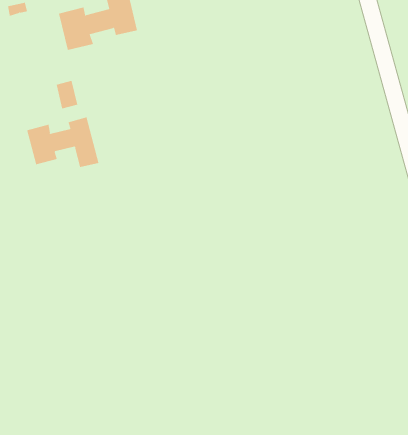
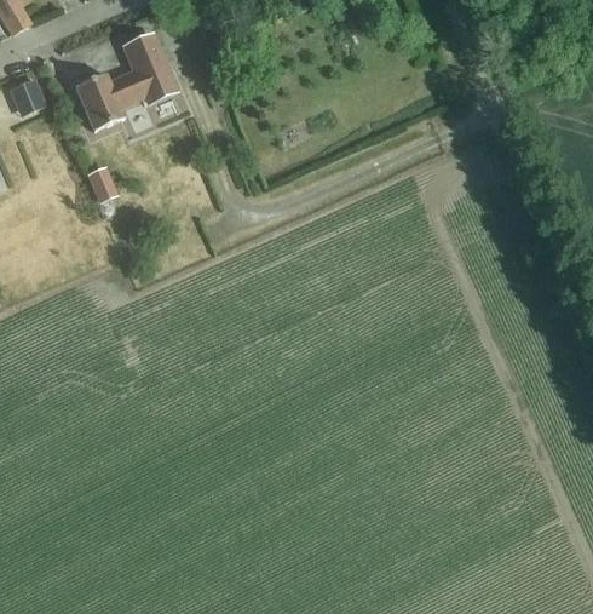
building: [26,116,99,168] -> none

